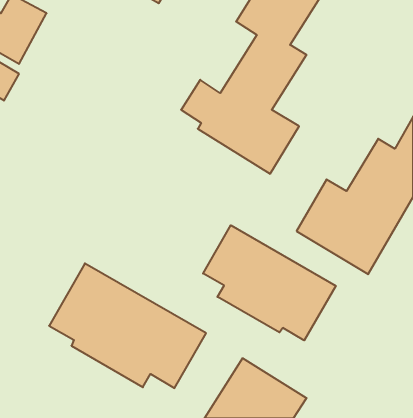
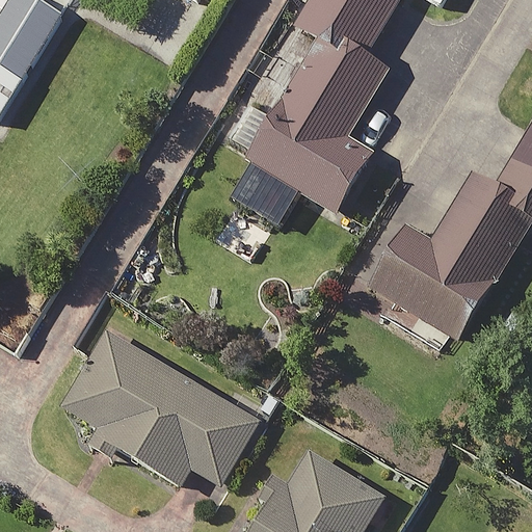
building: [203,225,336,340] -> none

